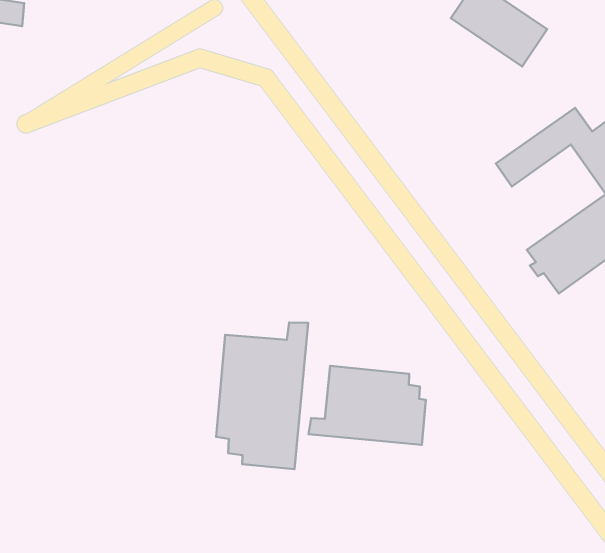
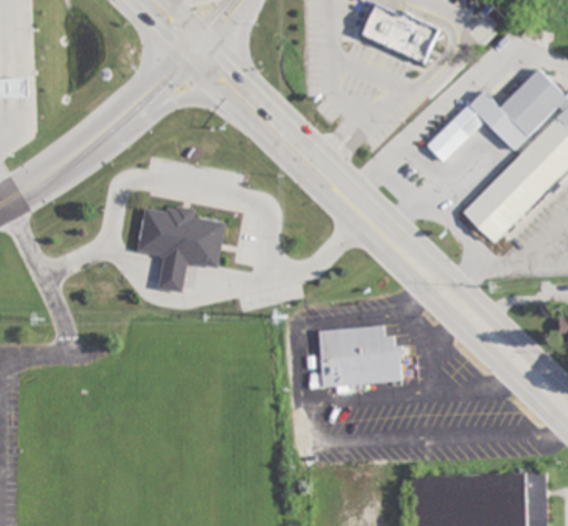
building: none -> [136,204,224,292]
building: [216,322,308,469] -> none

